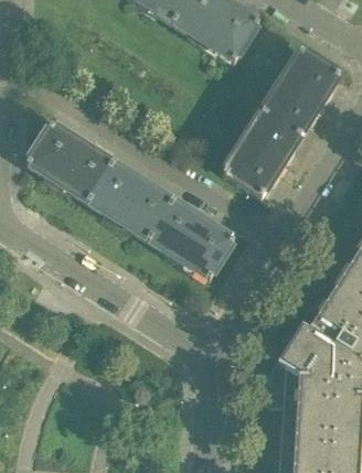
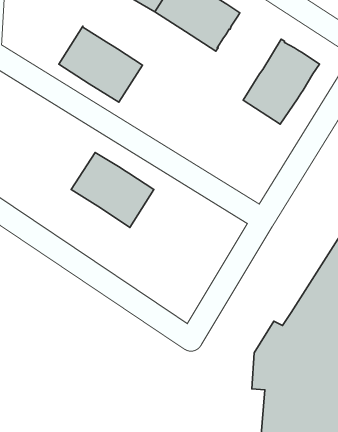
building: [223,111,299,197] -> none
building: [26,125,111,202] -> [59,26,143,102]
building: [147,202,233,279] -> none

